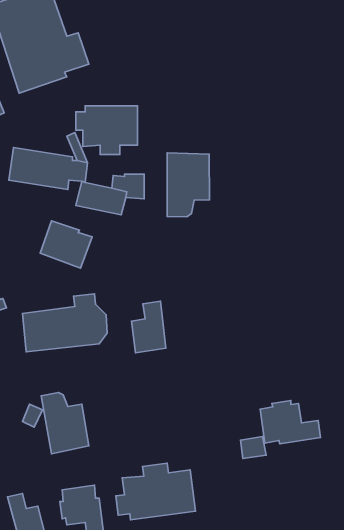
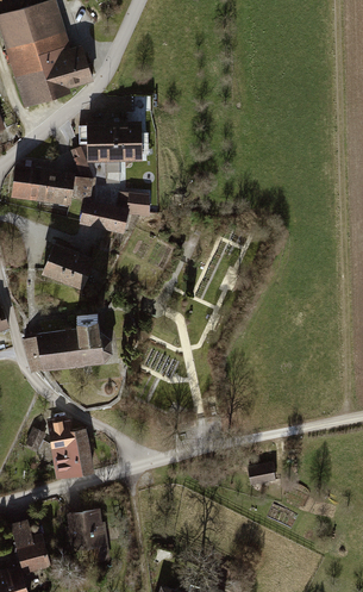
building: [167,153,210,217] -> none
building: [132,301,166,353] -> none
building: [260,401,321,444] -> none
building: [116,463,196,520] -> none

